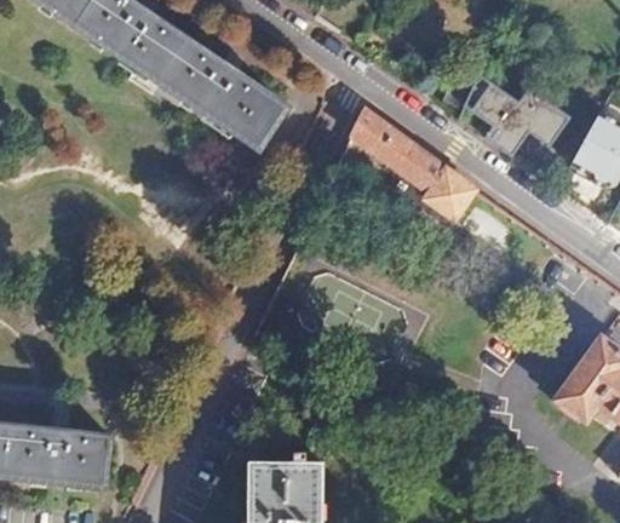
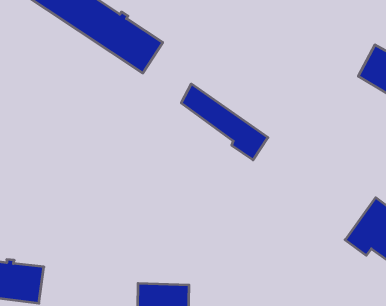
building: [484,75,579,145] -> none
building: [350,107,477,218] -> [181,84,268,160]

